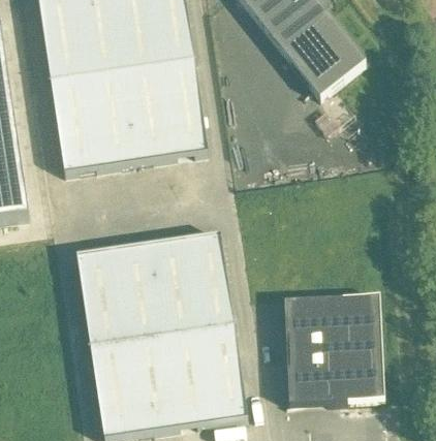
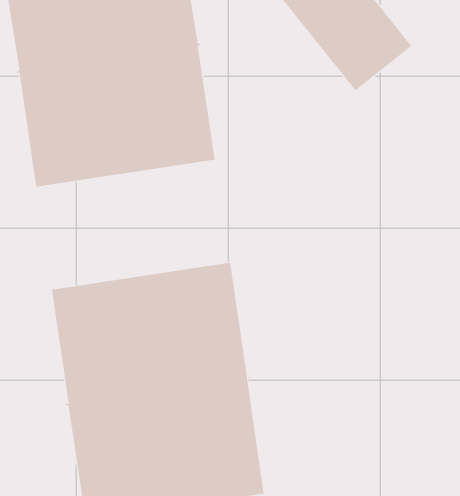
building: [282,292,382,402] -> none

